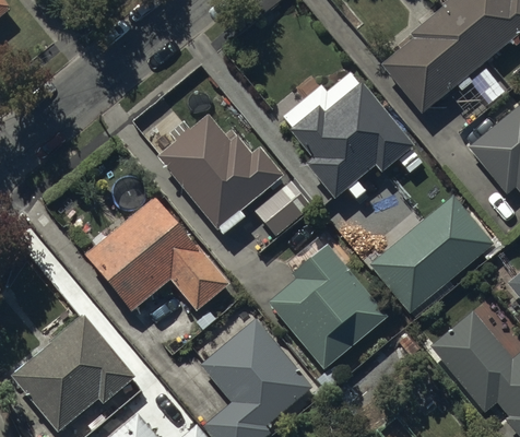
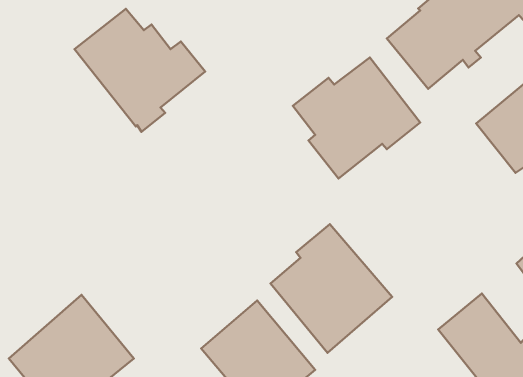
building: [156,114,284,234] -> [74,9,205,132]
building: [256,180,312,237] -> none
building: [85,194,231,311] -> none
building: [369,194,493,312] -> none

